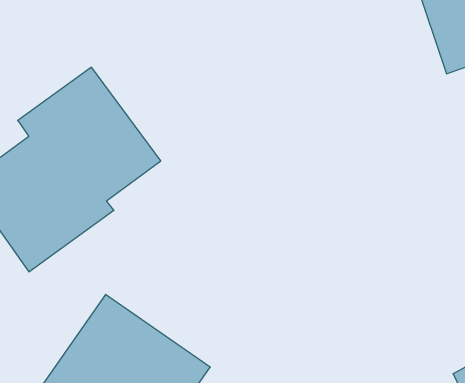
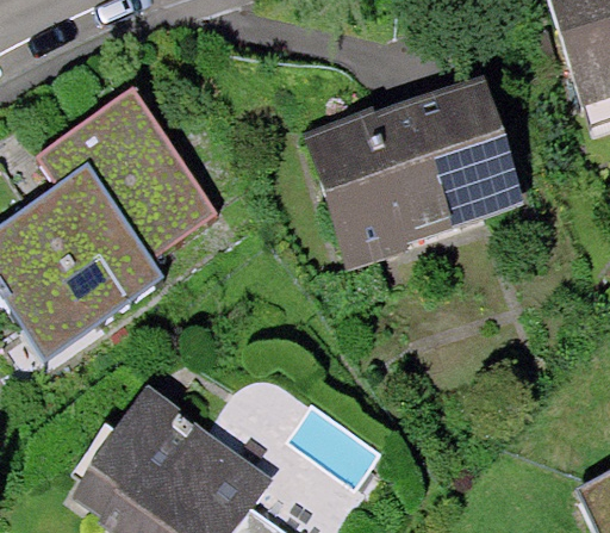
building: none -> [307,83,527,250]

